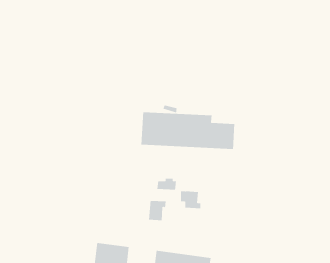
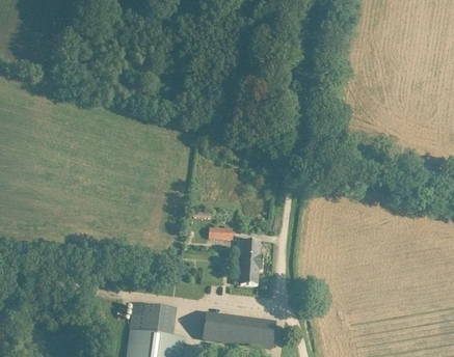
building: [141,112,235,150] -> none
building: [148,200,167,221] -> [239,260,262,285]

